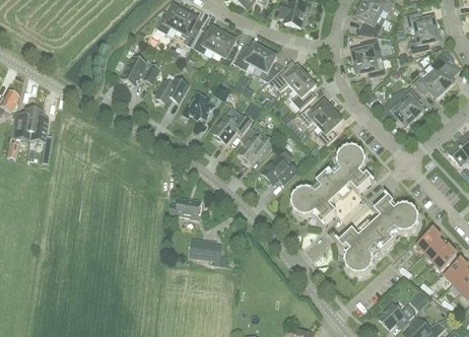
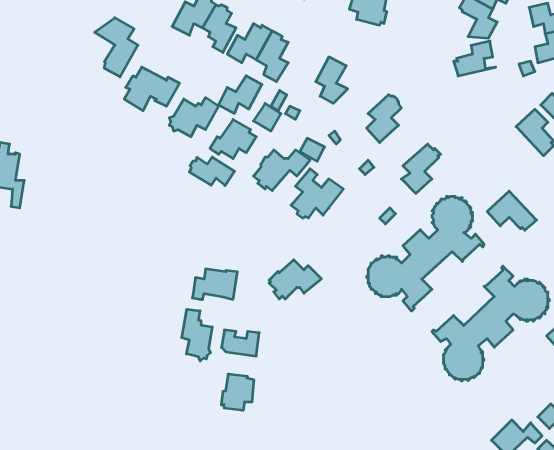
building: none -> [95,18,138,77]
building: [234,42,265,68] -> [218,76,262,113]
building: [355,55,386,75] -> none
building: [269,64,307,89] -> none
building: [381,96,415,124] -> [487,191,537,230]
building: [298,98,334,124] -> none
building: none -> [189,157,235,186]
building: [262,155,298,183] -> [269,260,321,299]
building: none -> [182,309,212,361]
building: none -> [221,374,254,410]

